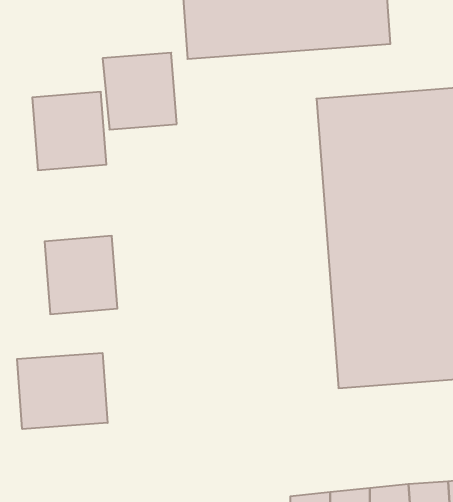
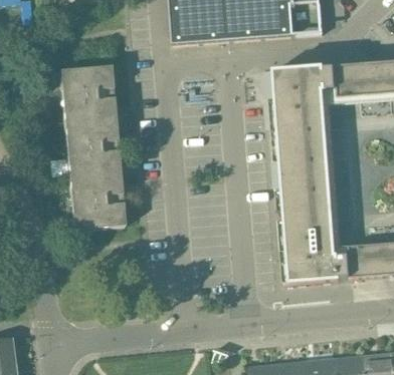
building: [103,53,177,130] -> [65,121,120,177]
building: [17,353,108,429] -> none

